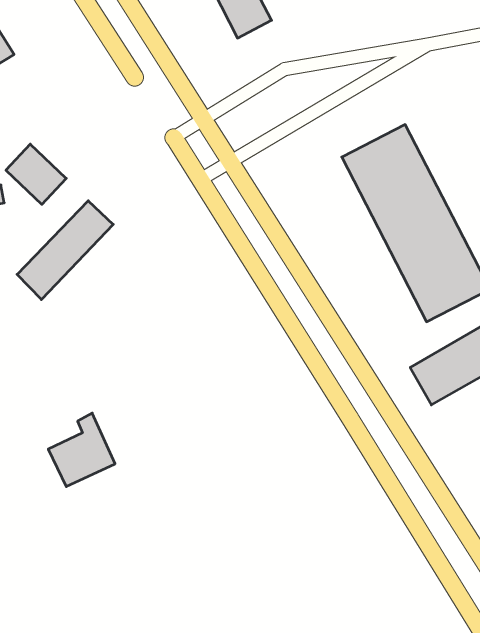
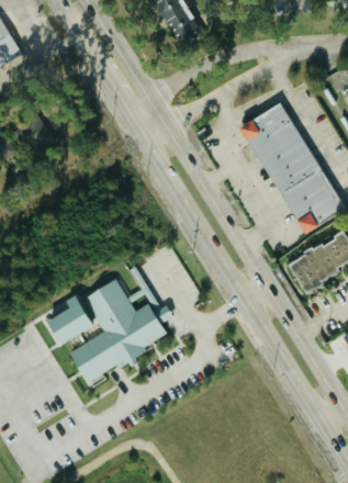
building: [17,201,113,300] -> none
building: none -> [69,278,169,384]

